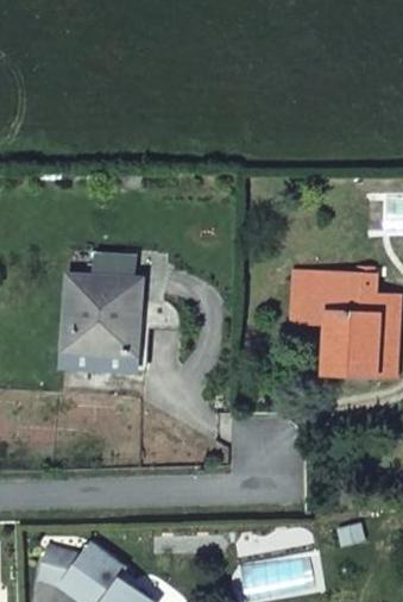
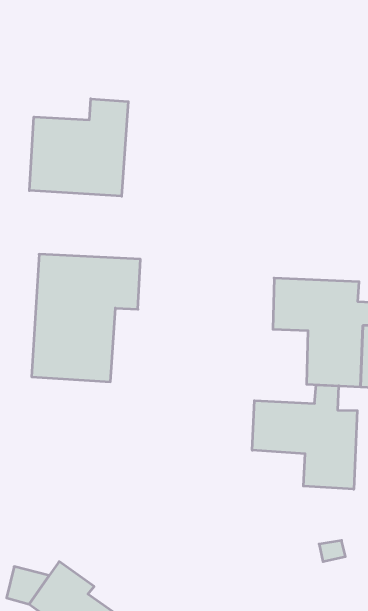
building: none -> [29,99,128,196]
building: none -> [252,385,357,489]

